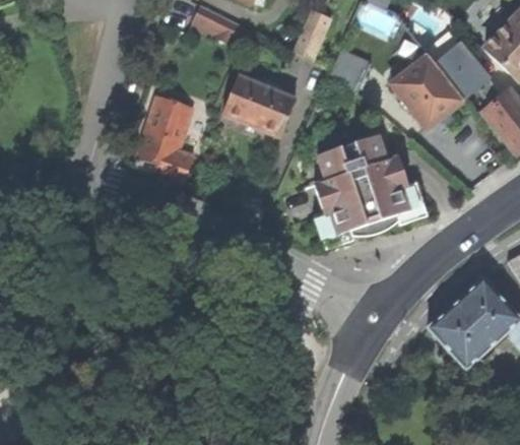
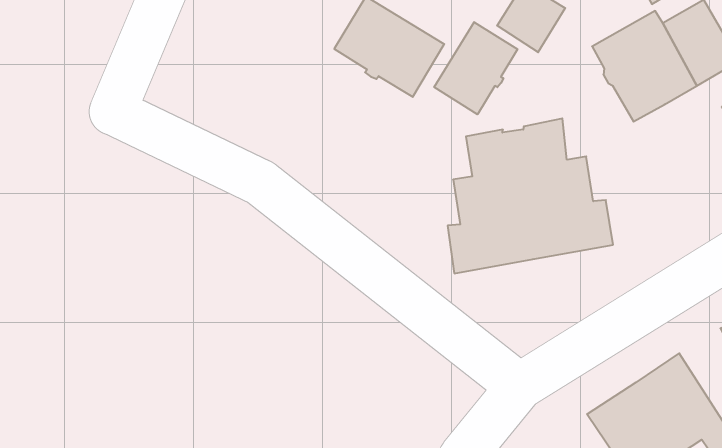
building: none -> [434,22,517,114]
building: [138,96,195,185] -> none

